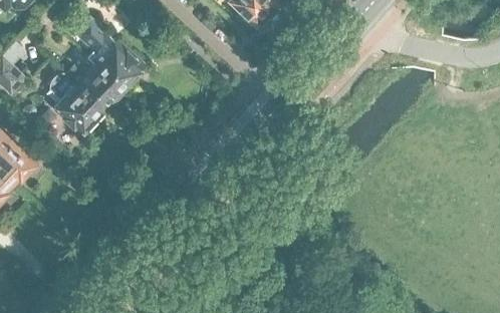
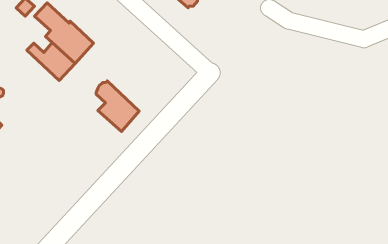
building: [52,74,103,134] -> [96,81,139,131]

